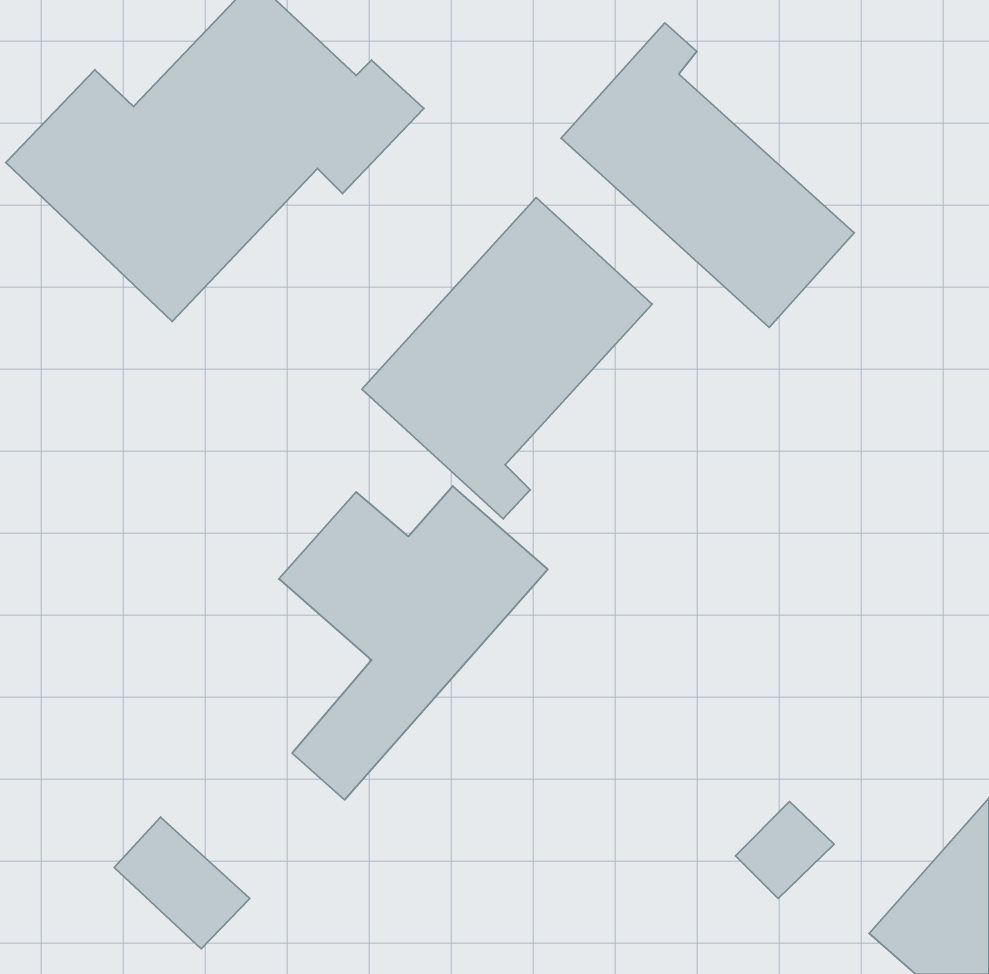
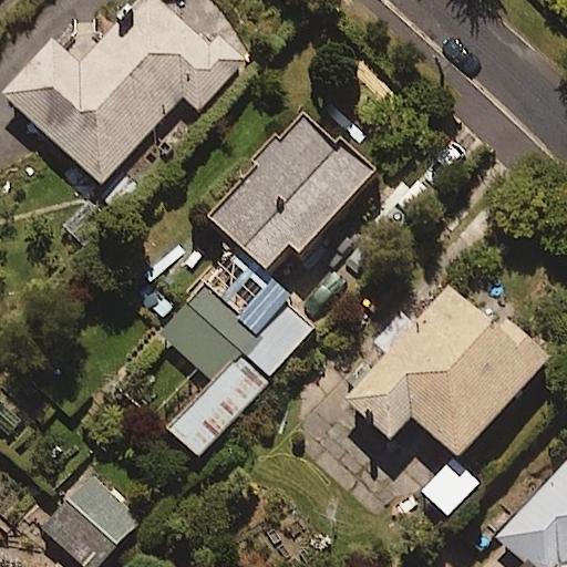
building: [561,23,854,327] -> none
building: none -> [340,284,548,460]

